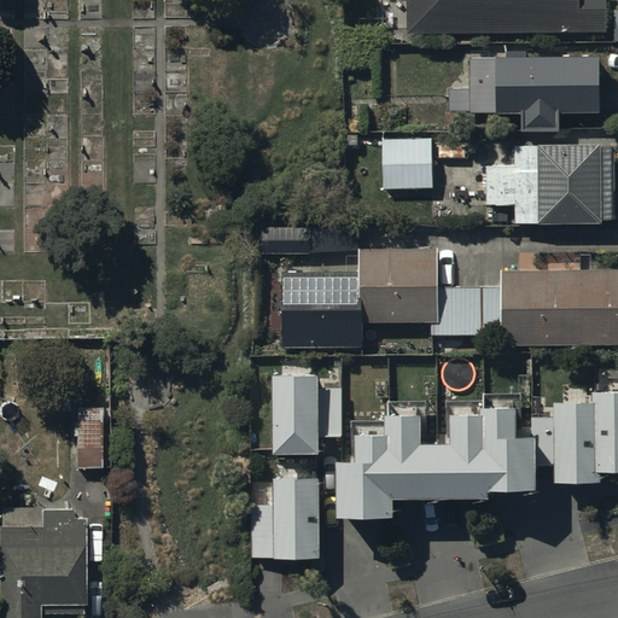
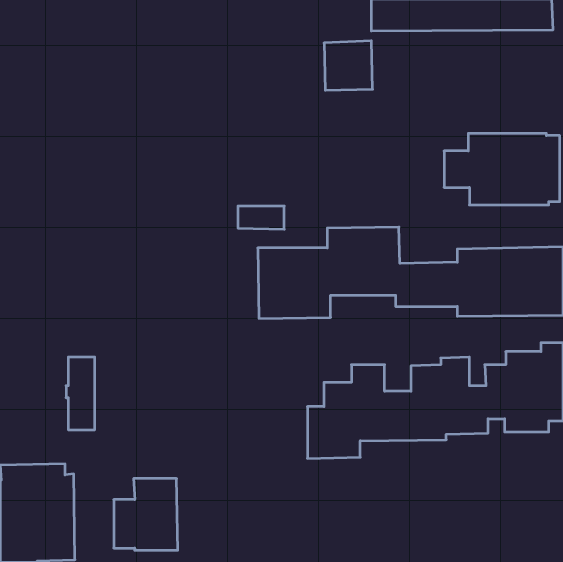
building: [449,49,600,134] -> none
building: [380,135,433,190] -> [324,41,373,90]
building: [274,377,344,456] -> none
building: [251,482,321,560] -> [114,479,178,550]

